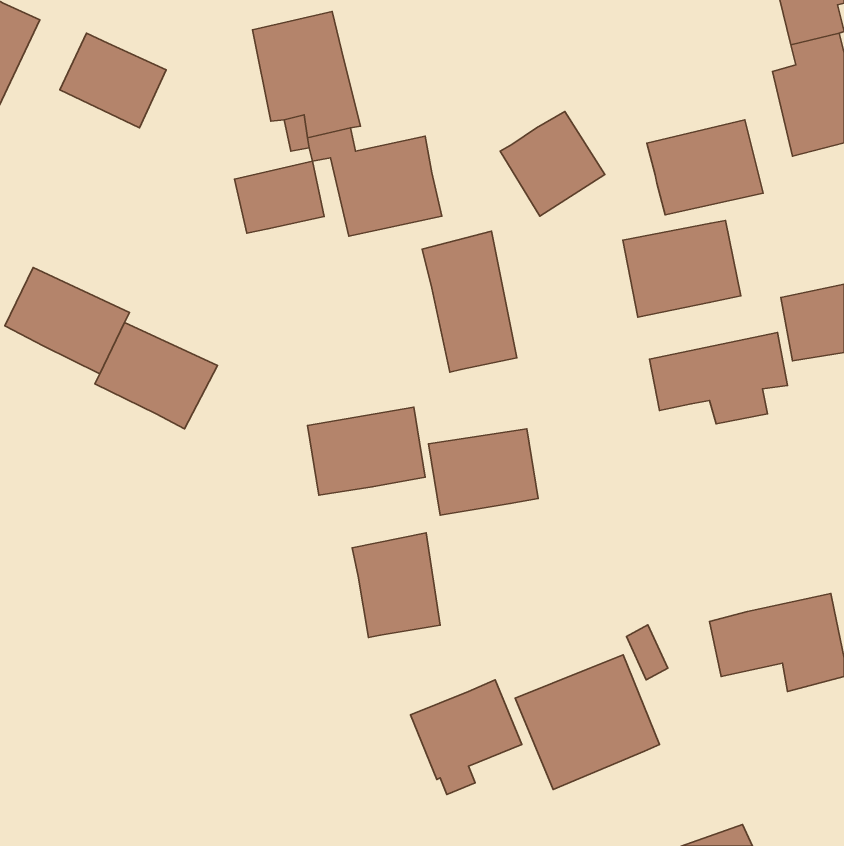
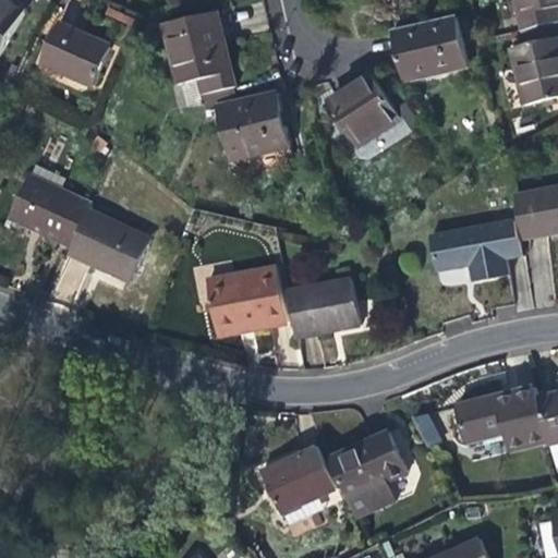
building: [647,120,763,215] -> [389,15,465,77]
building: [235,161,324,233] -> none
building: [623,221,741,317] -> none
building: [422,231,517,372] -> none
building: [352,533,440,637] -> none

